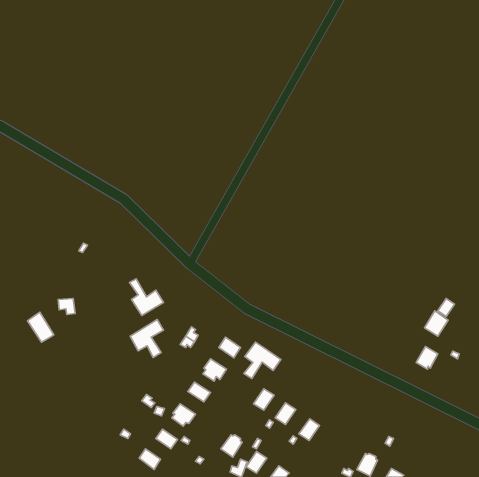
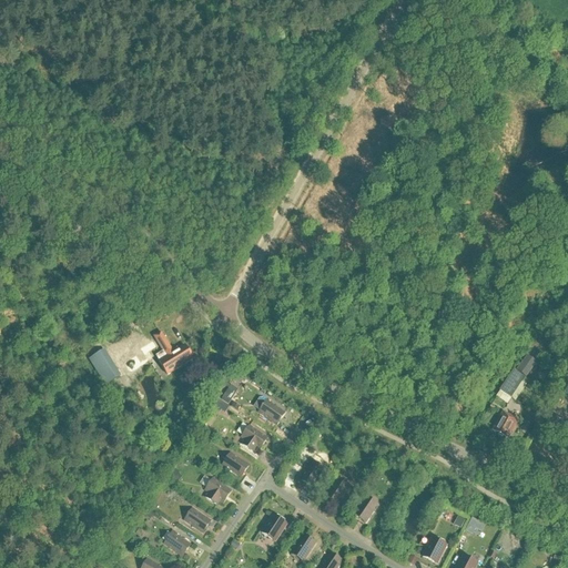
building: [27,312,54,342] -> [91,347,122,383]
building: [130,320,164,358] -> none
building: [244,342,281,379] -> none

